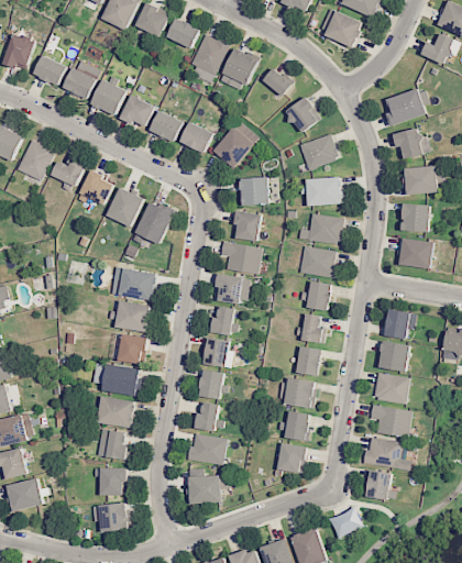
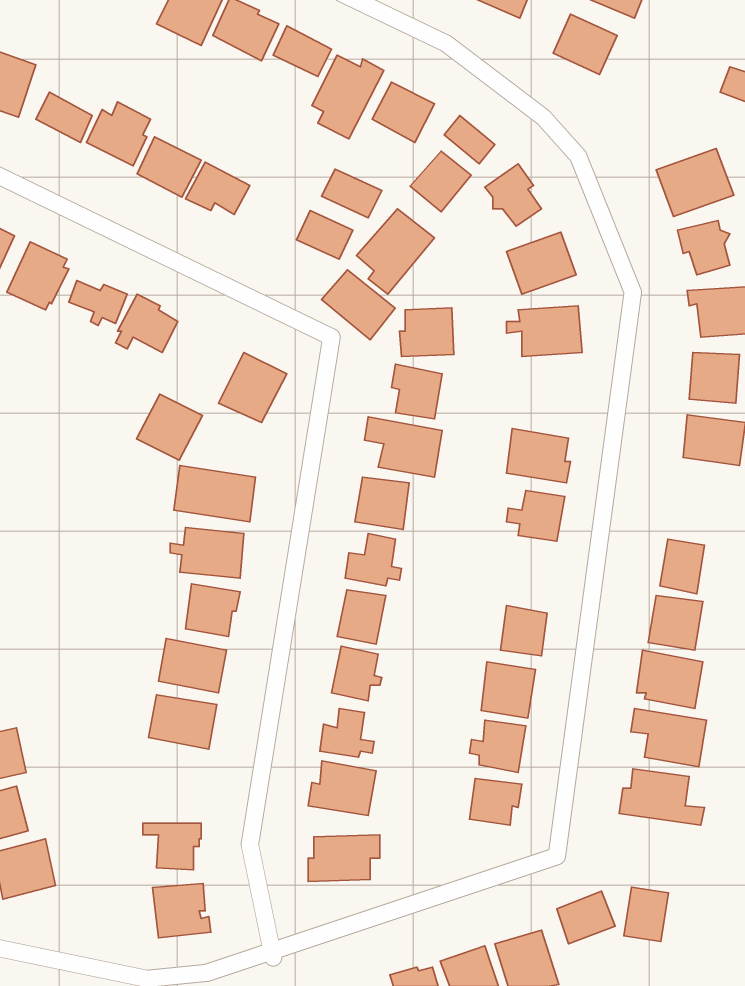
building: none -> [410,151,471,212]
building: [148,112,183,140] -> [322,169,382,218]
building: none -> [321,270,395,340]
building: [107,188,144,225] -> [137,394,203,460]
building: [306,213,342,245] -> none
building: [293,314,322,343] -> none
building: [95,430,128,461] -> none
building: [366,470,392,500] -> [624,887,668,942]

